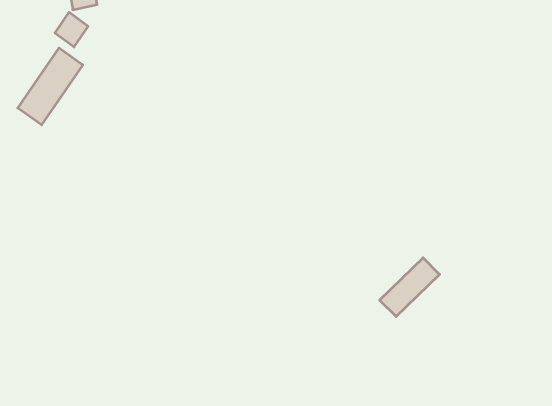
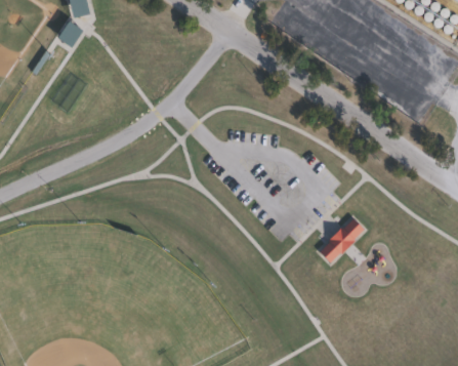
building: [18,48,83,125] -> none

